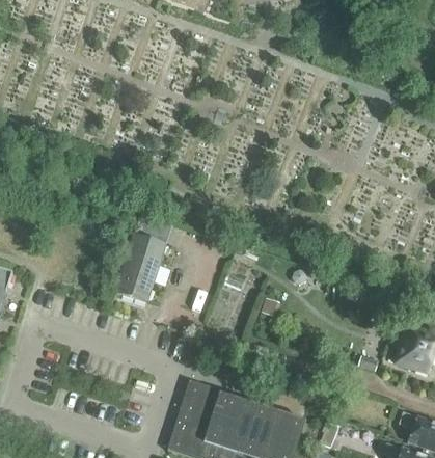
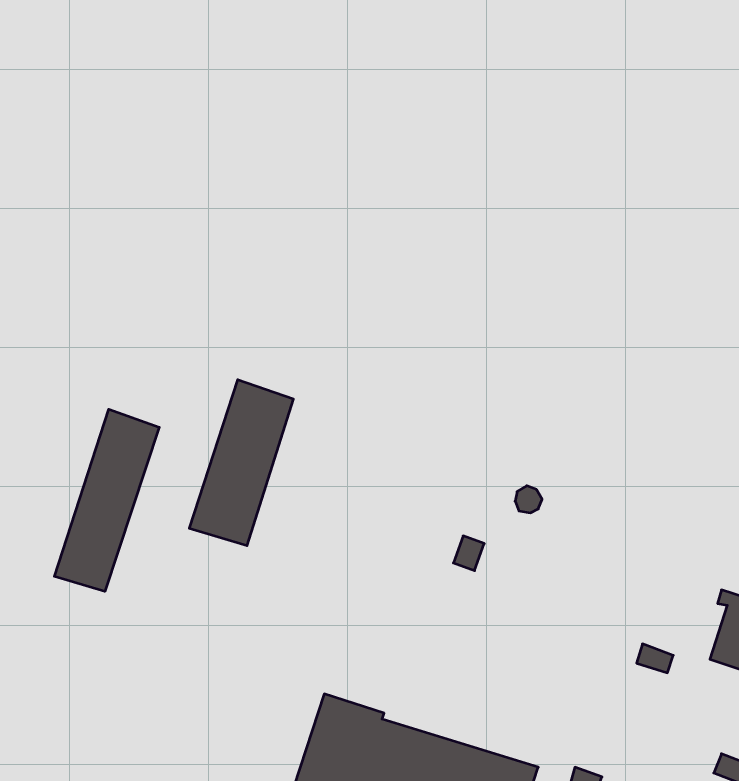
building: none -> [54,409,159,591]

